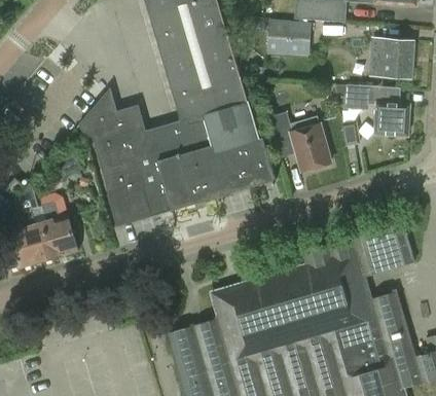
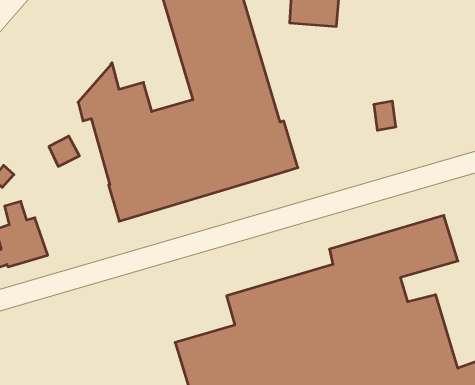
building: [369,39,413,79] -> none
building: [344,85,409,137] -> none
building: [267,112,330,172] -> none
building: [42,203,77,257] -> none

